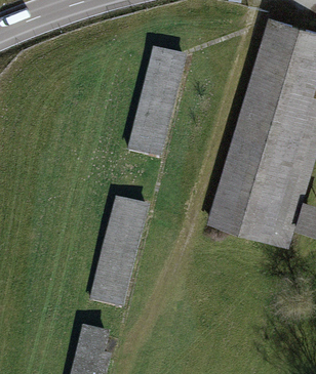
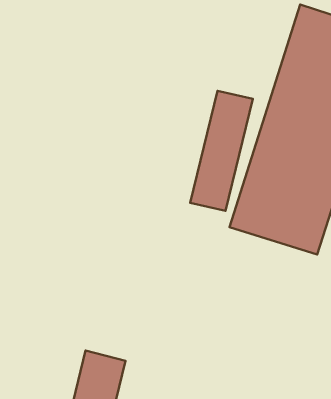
building: [130,49,187,157] -> [190,91,253,211]
building: [90,195,149,303] -> none

